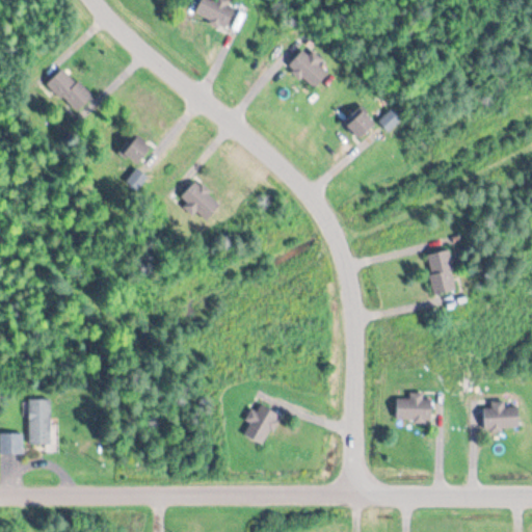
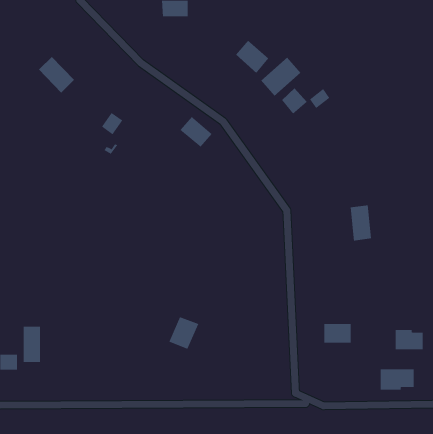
building: none -> [260,57,301,96]
building: [180,183,220,221] -> [179,116,213,148]
building: [241,404,278,445] -> [168,316,199,349]
building: none -> [380,369,414,390]

